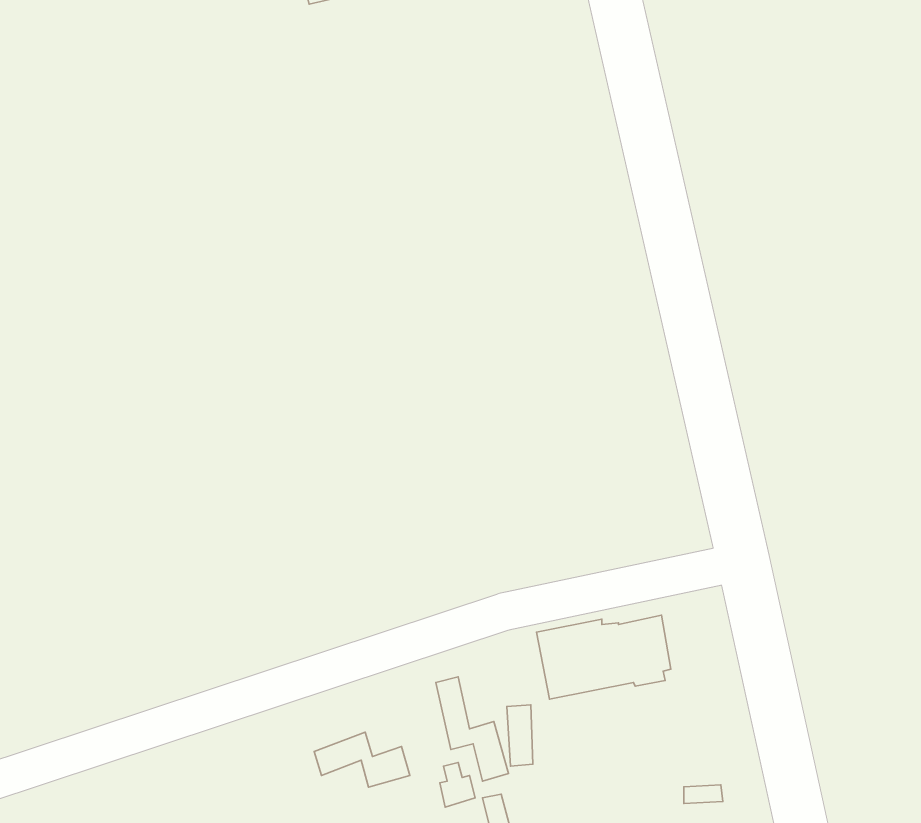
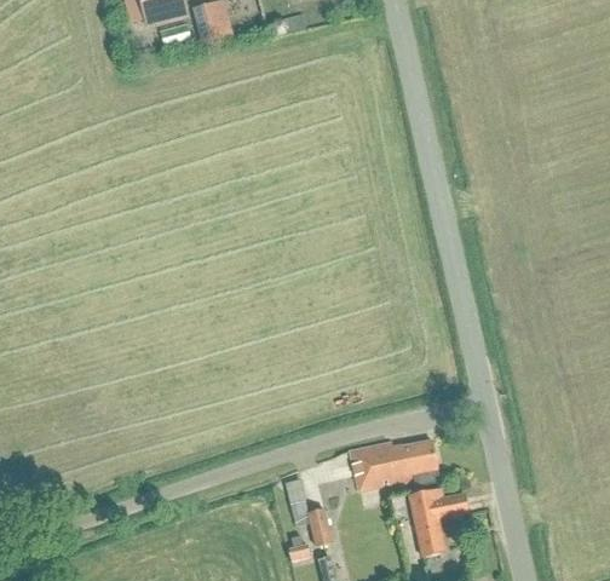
building: none -> [408,487,467,554]
building: [314,732,410,787] -> none

